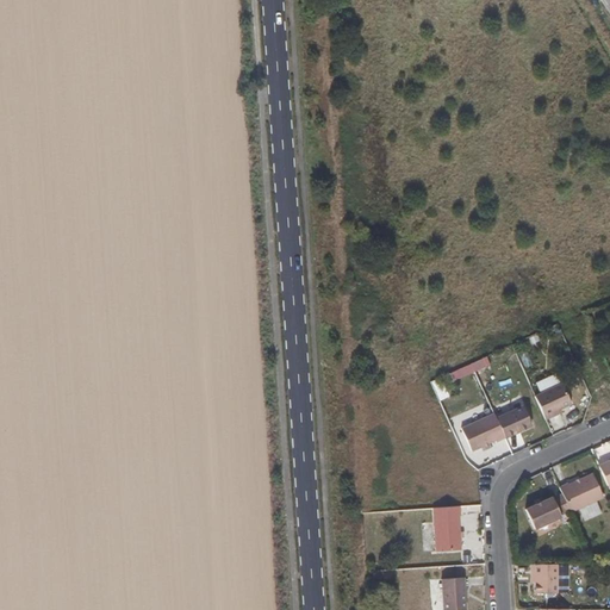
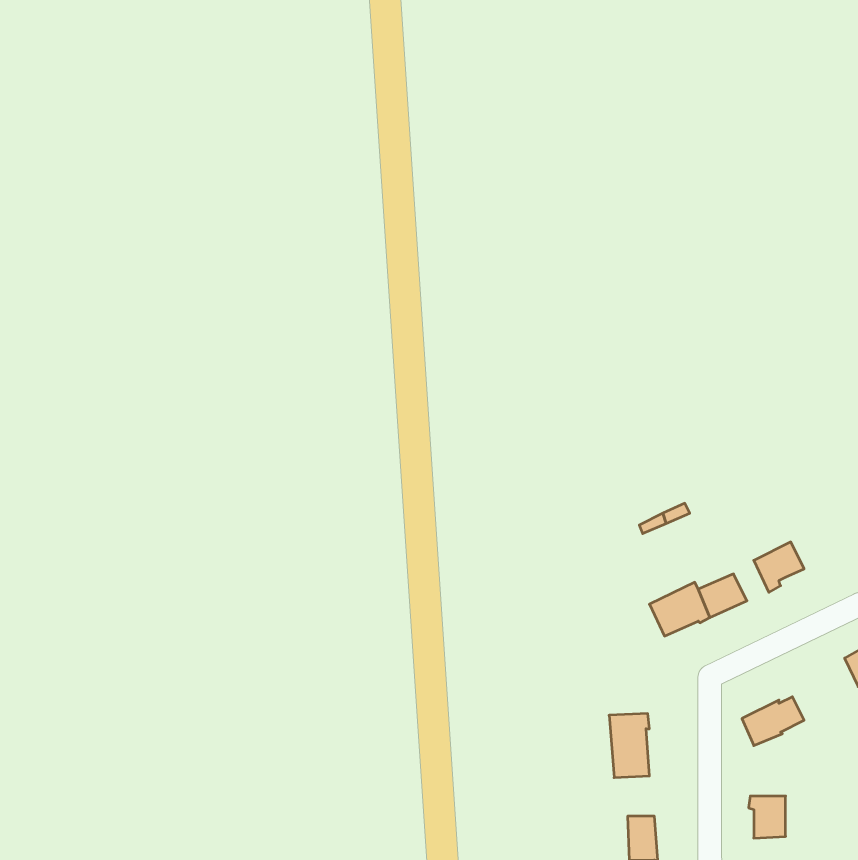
building: [559,473,603,510] -> none

